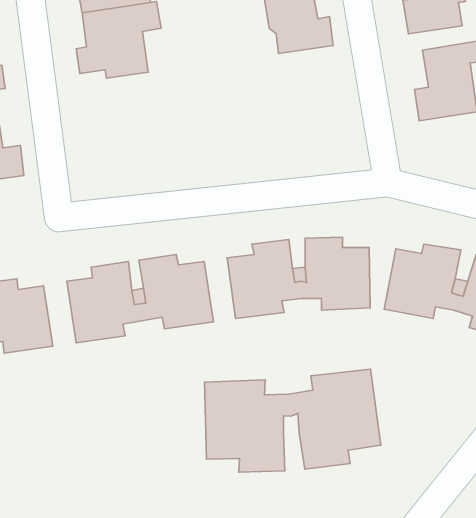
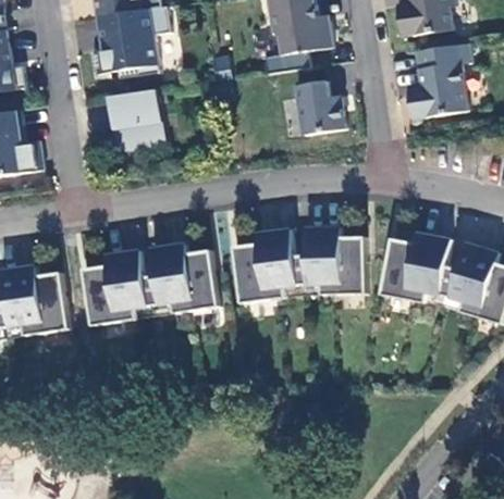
building: none -> [294,80,344,135]
building: none -> [108,89,164,150]
building: [205,369,381,472] -> none

